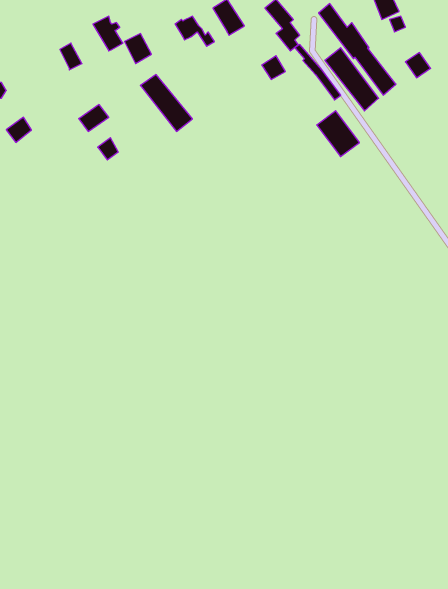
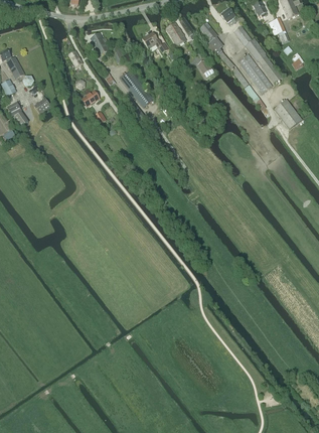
building: [317,111,359,157] -> [274,99,301,128]

